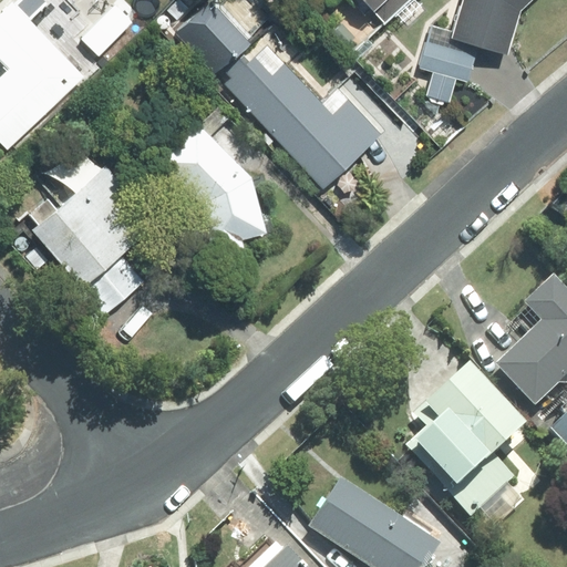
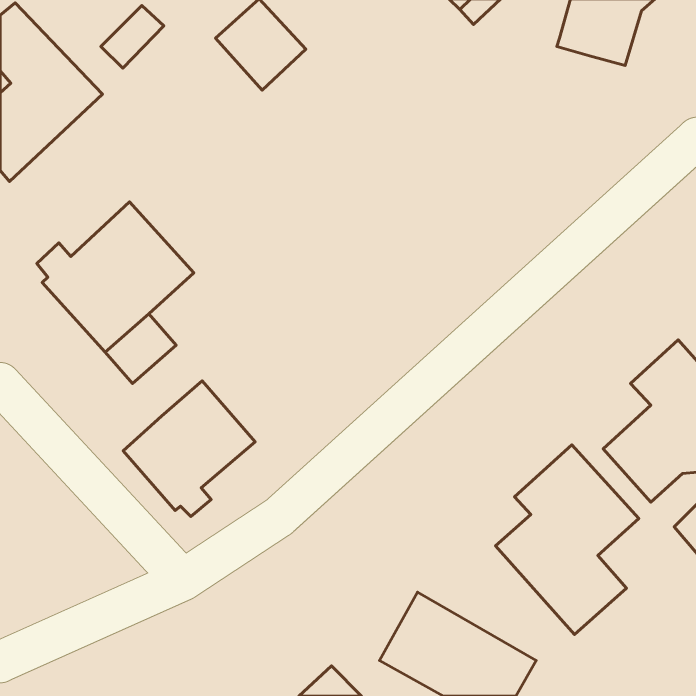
building: [420,24,480,101] -> none
building: [225,45,382,187] -> none
building: [155,120,267,256] -> none
building: none -> [123,381,255,517]

